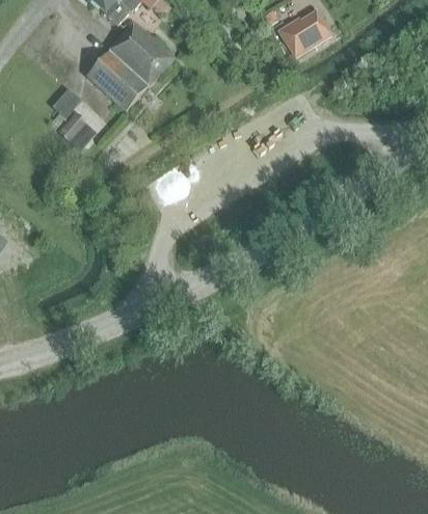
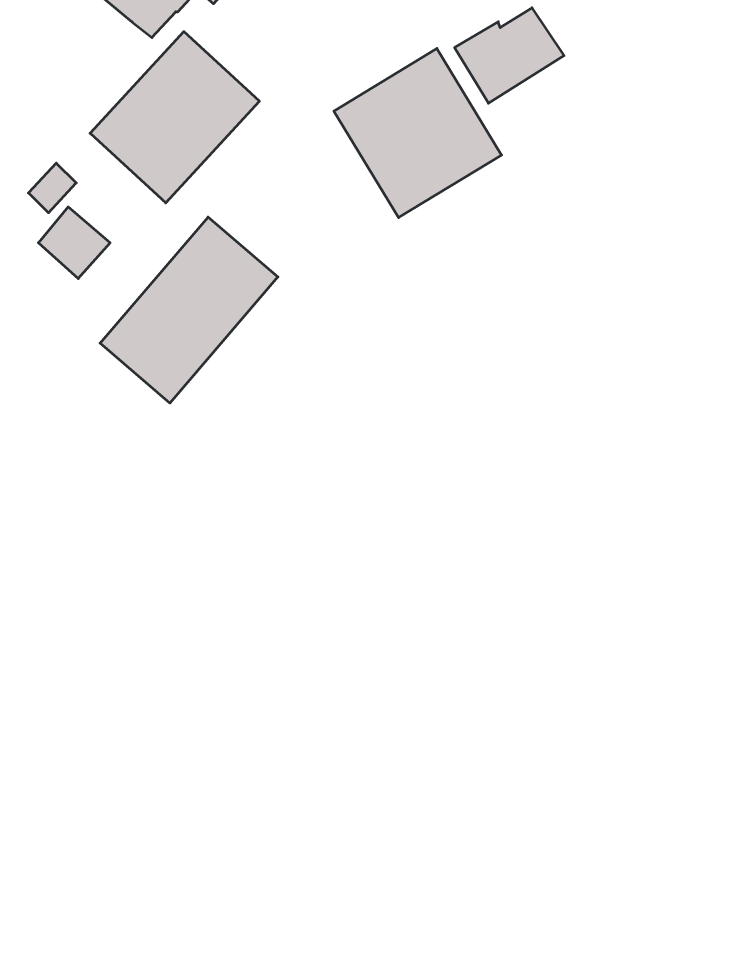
building: none -> [334,48,502,218]
building: none -> [100,217,278,403]

